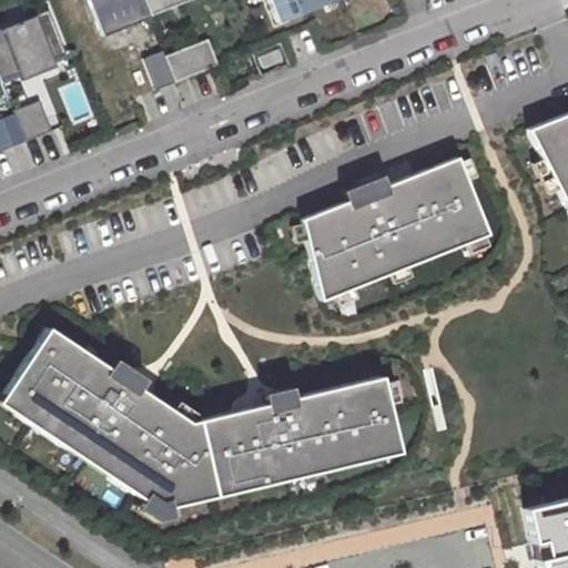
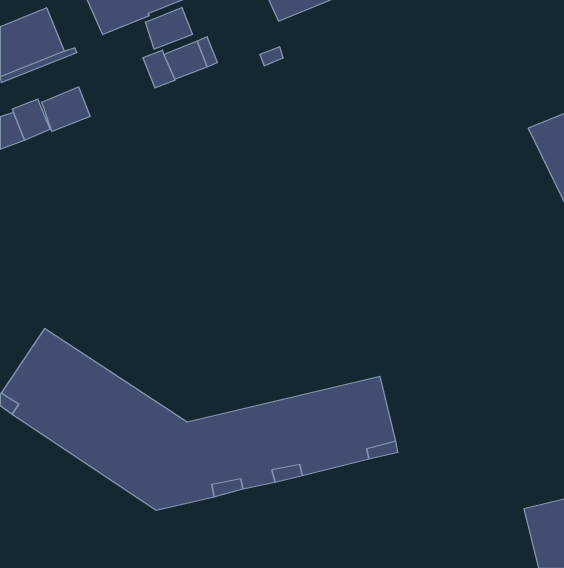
building: none -> [145,7,192,49]
building: none -> [42,87,90,131]
building: [305,156,490,298] -> none

